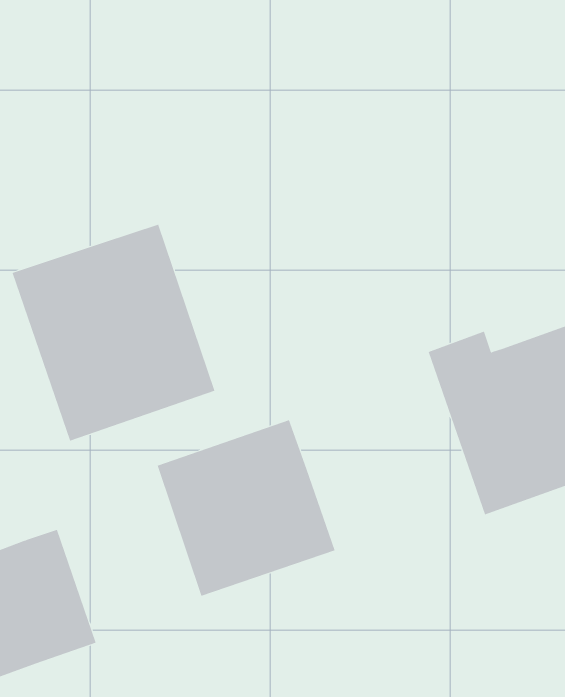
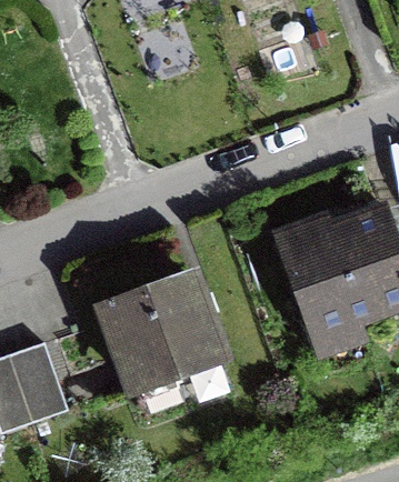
building: [12,224,215,442] -> none

